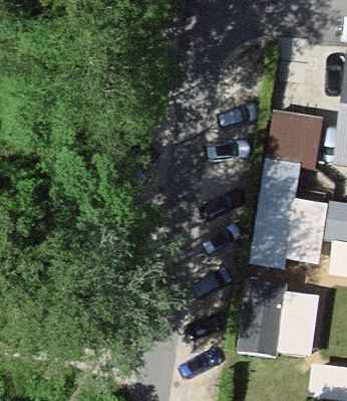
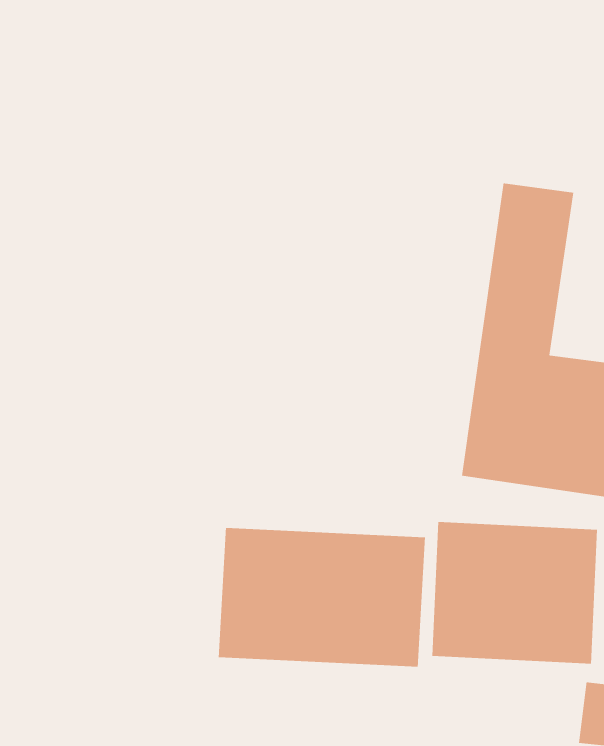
building: none -> [218,527,425,668]

